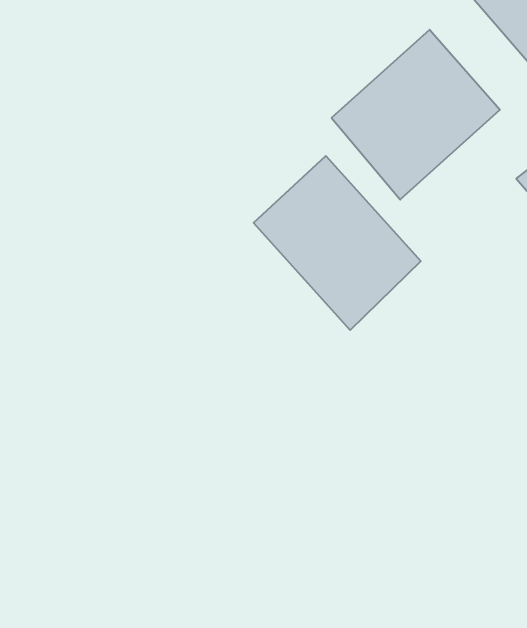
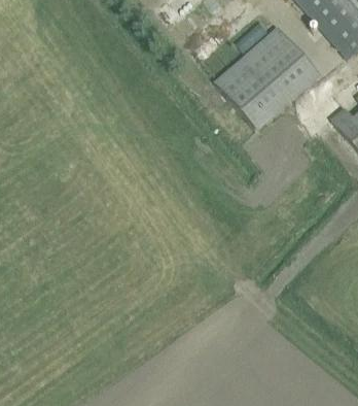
building: [254,156,421,330] -> none

